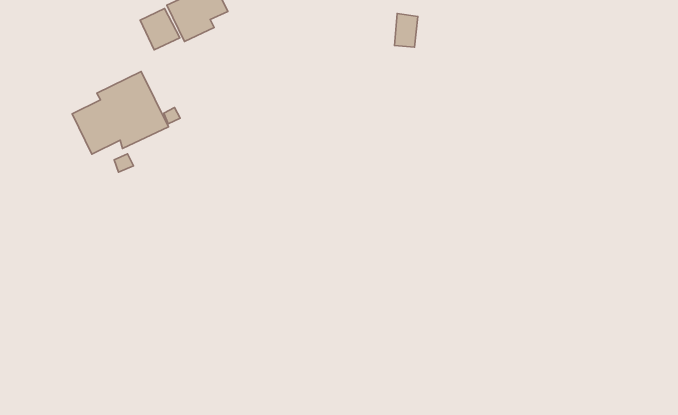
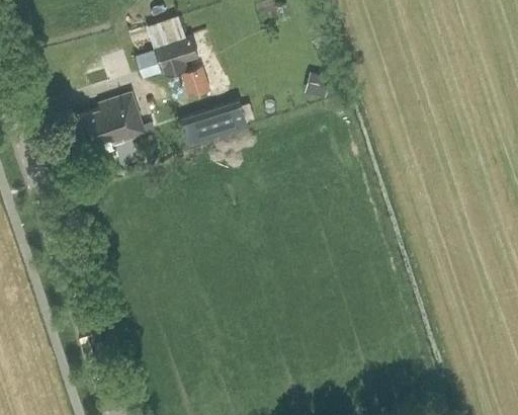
building: none -> [181,65,210,96]
building: none -> [179,103,248,146]

